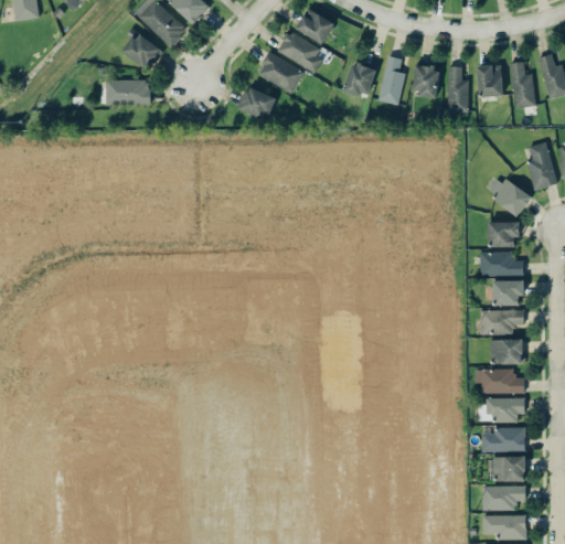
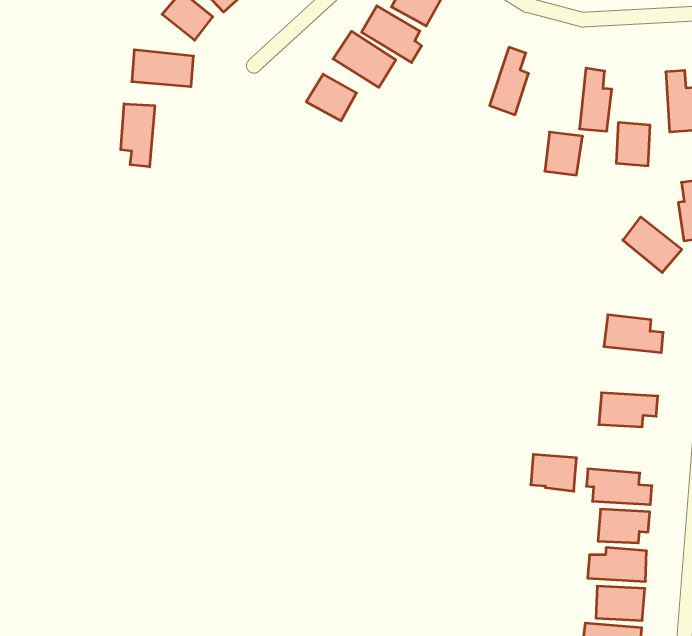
building: [344,62,375,96] -> none
building: [413,65,439,96] -> [545,132,583,175]
building: [477,65,502,96] -> [616,123,650,166]
building: none -> [121,104,155,167]
building: [488,221,519,246] -> none
building: [492,279,524,305] -> none
building: [490,339,523,364] -> [531,454,577,491]

